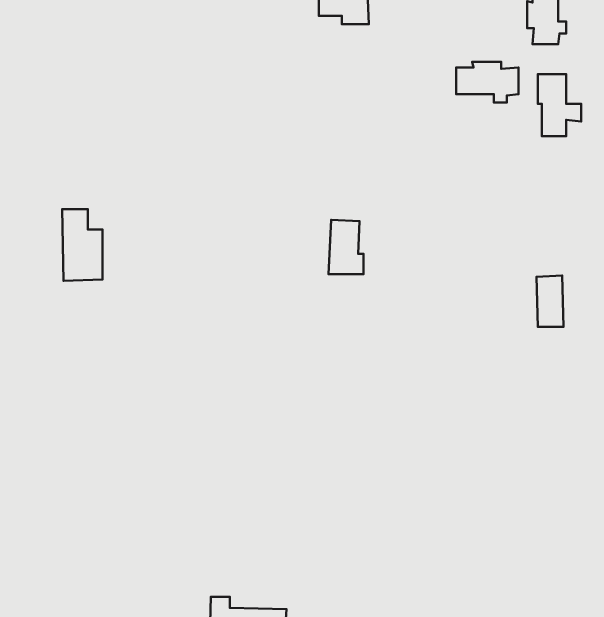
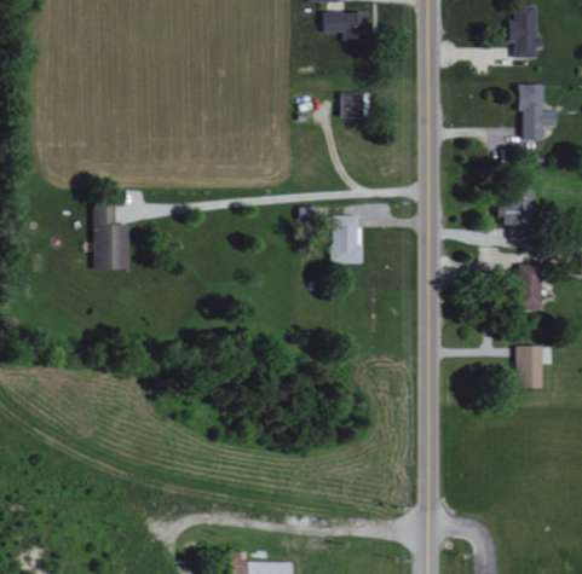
building: [456,62,518,103] -> none
building: none -> [341,92,365,117]
building: none -> [500,199,537,242]
building: none -> [515,346,543,388]

